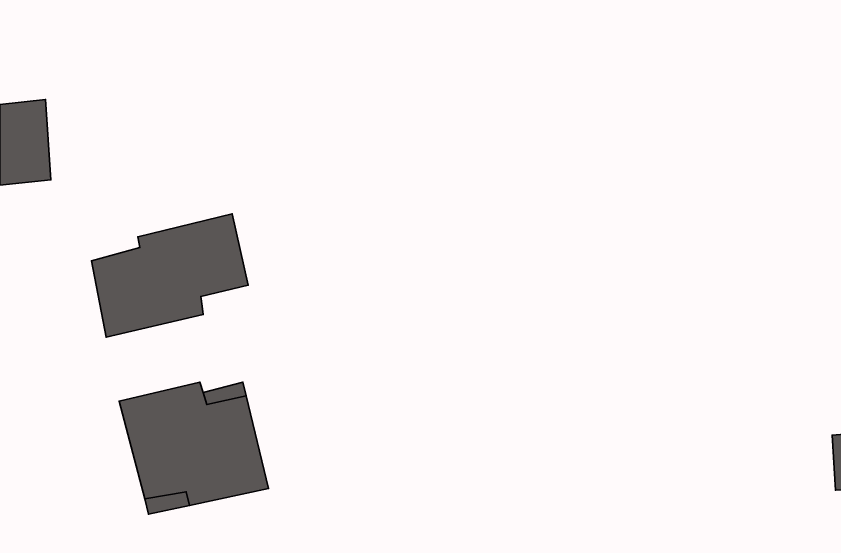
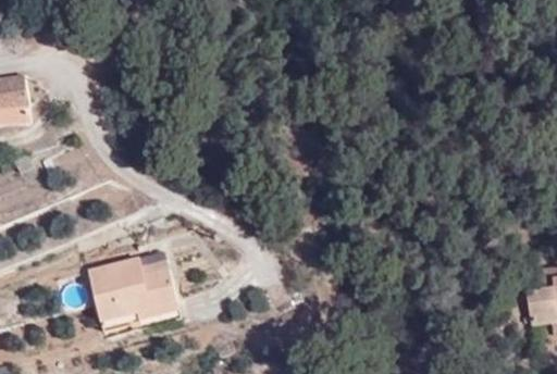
building: [92,214,248,337] -> none

